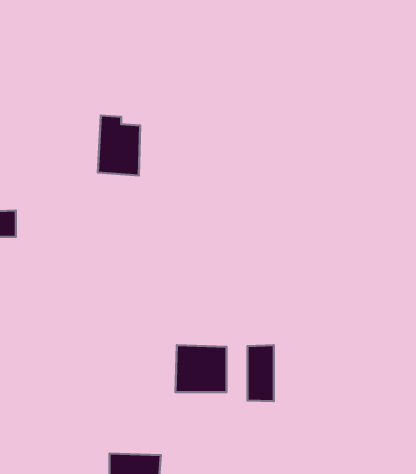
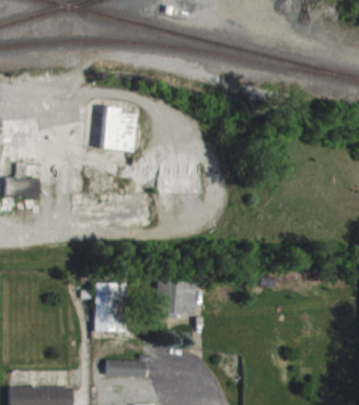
building: [247,345,274,401] -> none
building: none -> [95,282,123,331]

